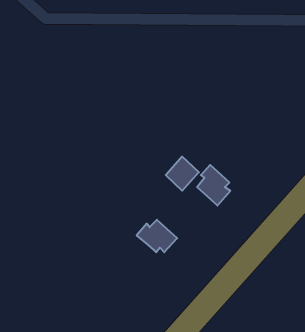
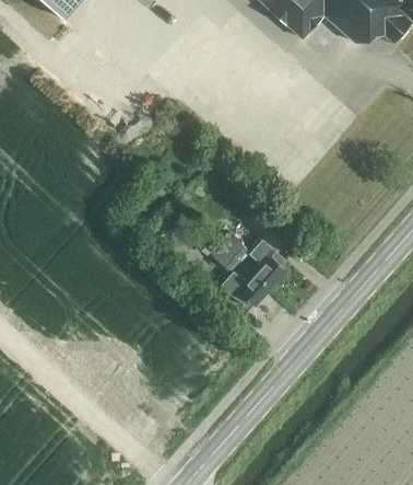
building: [137,220,177,252] -> [223,266,271,304]

